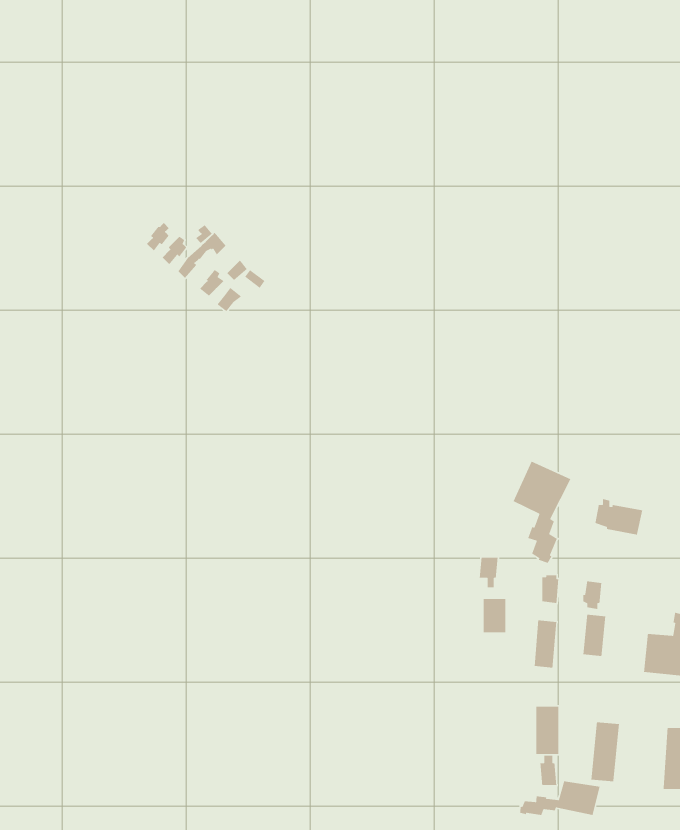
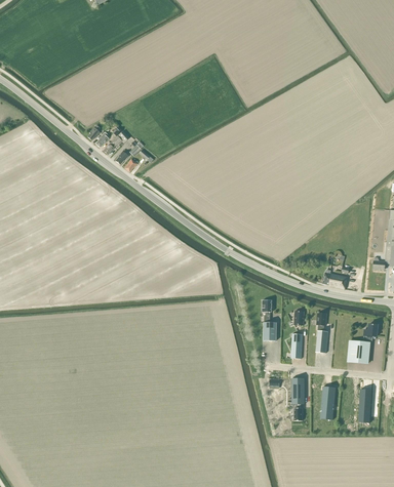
building: [513,460,571,564] -> none
building: [519,780,601,816] -> none

